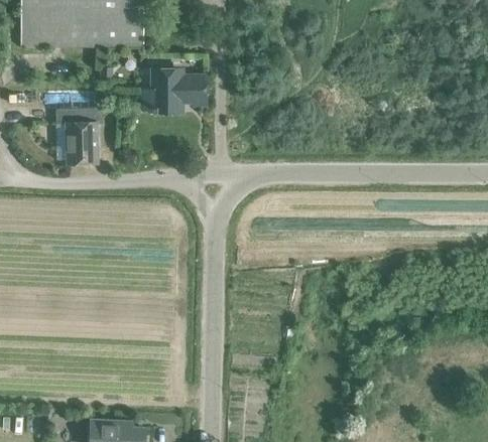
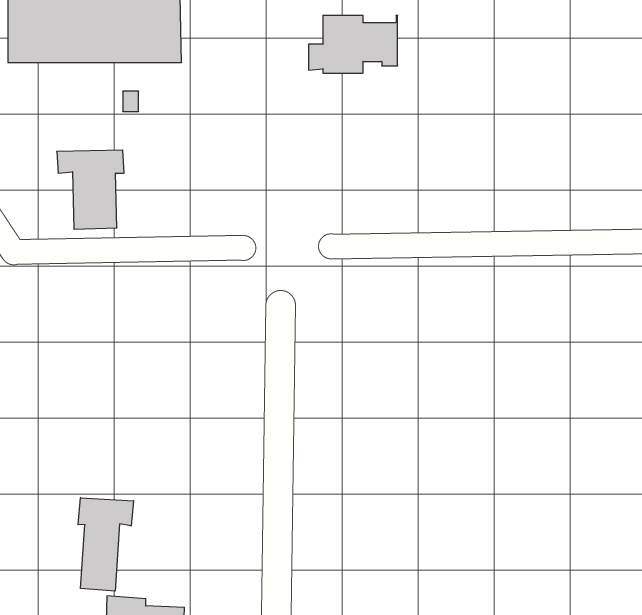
building: [143,69,206,110] -> [309,15,398,73]
building: none -> [78,498,134,591]

